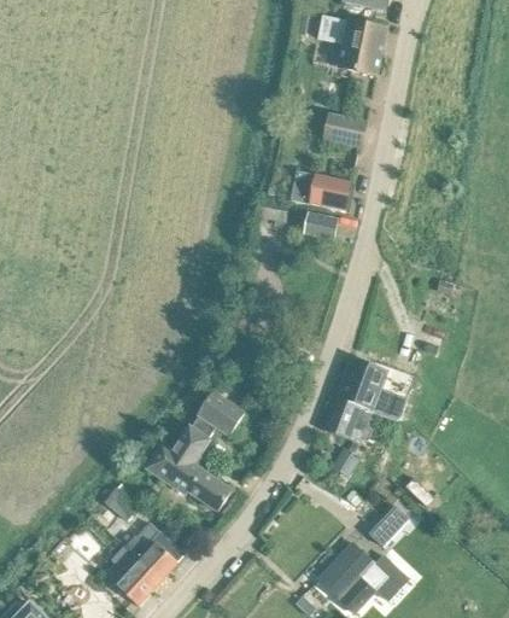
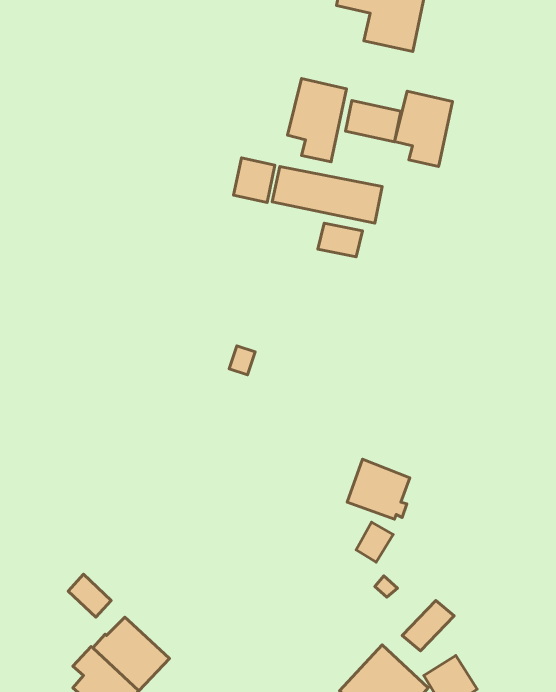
building: none -> [288,78,347,162]
building: none -> [395,91,452,166]
building: none -> [234,158,275,203]
building: [337,358,408,420] -> none
building: [142,390,245,511] -> none

